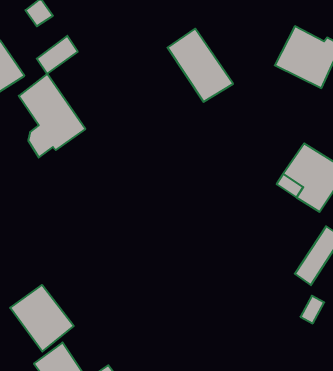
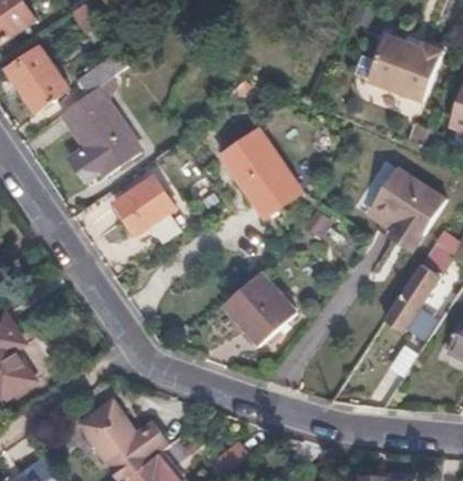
building: [167,29,233,102] -> [223,130,299,215]
building: none -> [115,177,181,242]
building: none -> [222,268,294,341]
building: [10,285,74,352] -> none

